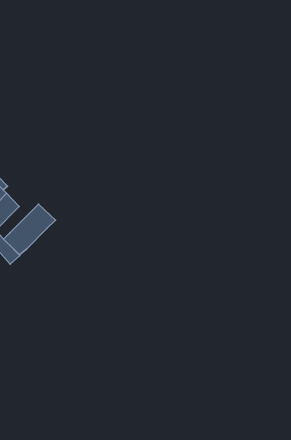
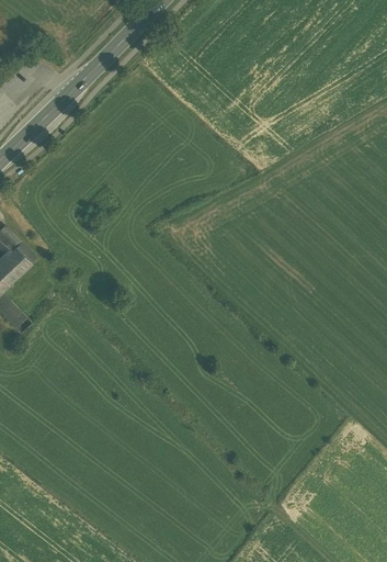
building: [4,204,55,255] -> none

